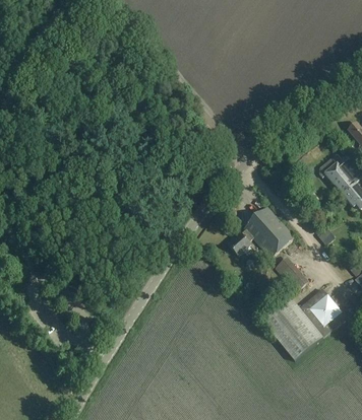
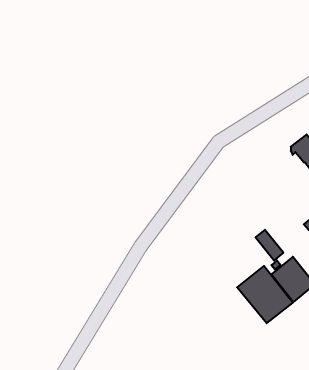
building: [225,206,292,259] -> none

